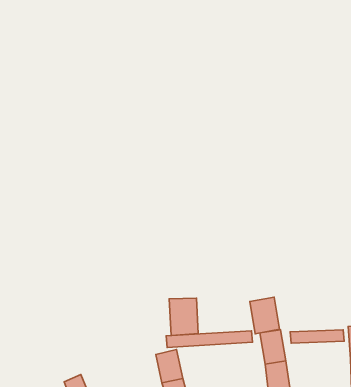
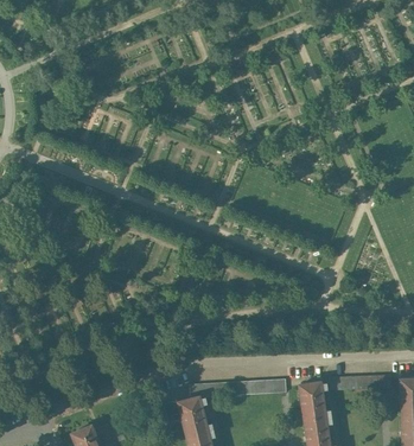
building: [250,297,280,334] -> none
building: [169,298,198,336] -> none

